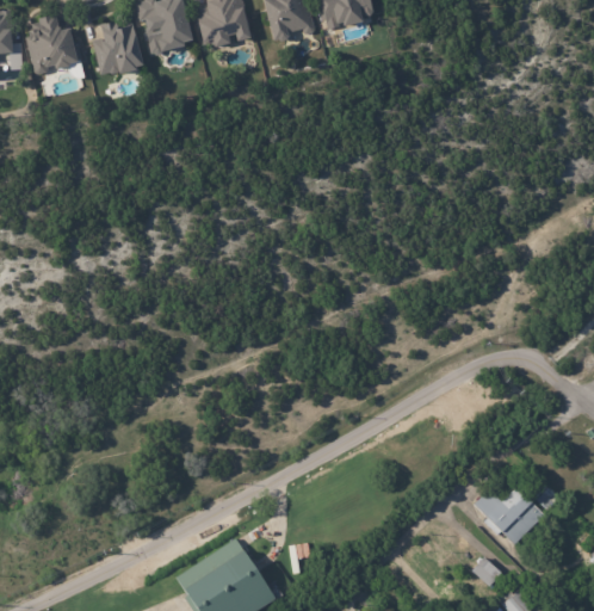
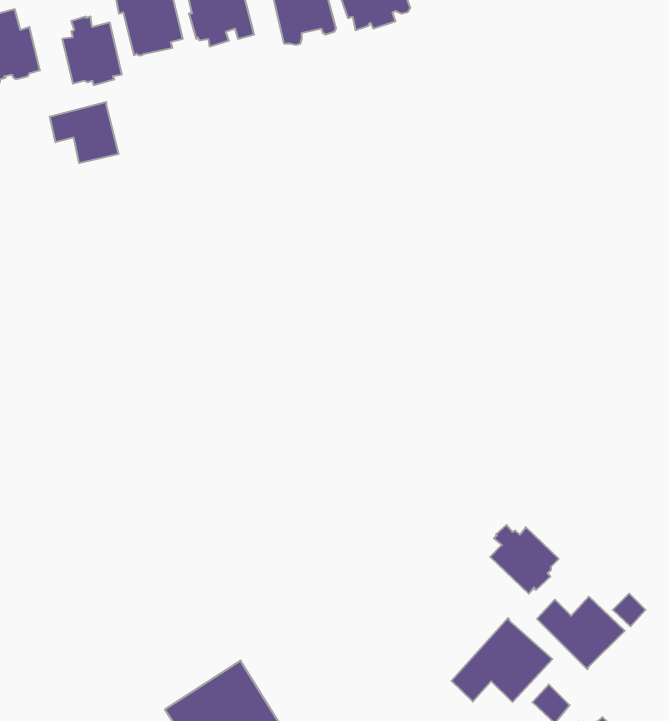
building: none -> [50,102,118,163]
building: none -> [490,525,559,594]
building: none -> [451,618,552,702]

